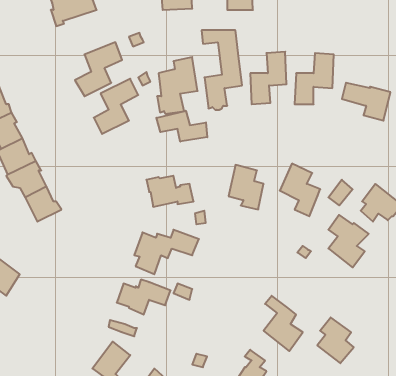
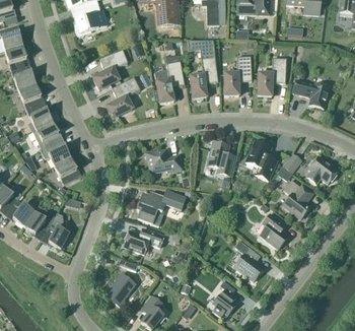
building: [156,111,207,142] -> none
building: none -> [41,212,69,249]
building: [317,317,354,363] -> [261,213,288,248]

